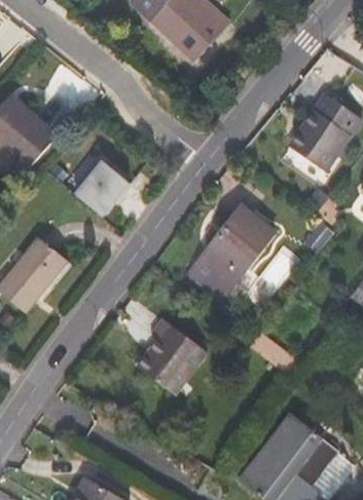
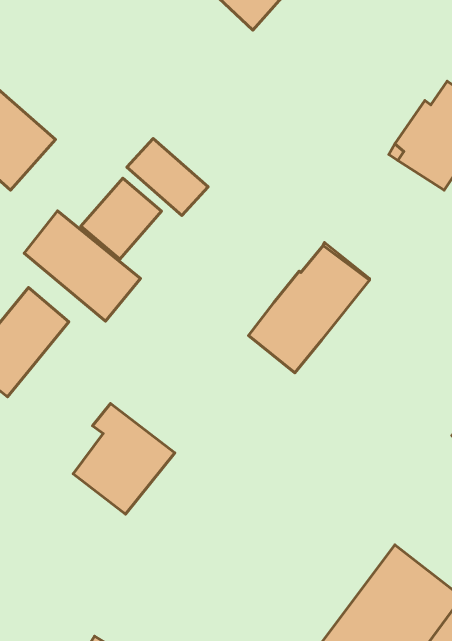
building: none -> [127,139,208,215]
building: none -> [24,211,140,321]
building: [137,318,207,394] -> [73,403,175,514]

